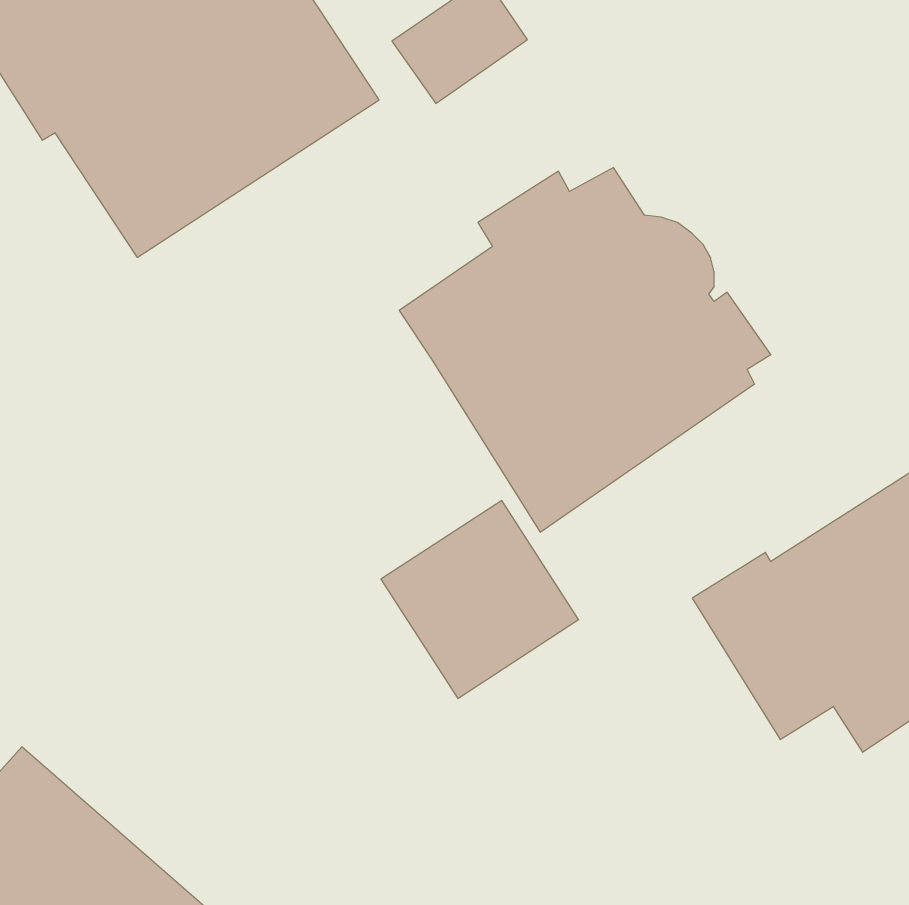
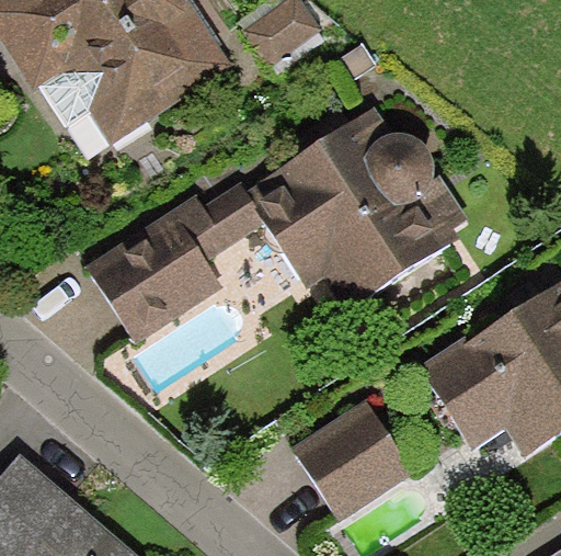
building: none -> [85,183,265,344]
building: [381,500,579,698] -> [294,401,412,520]

